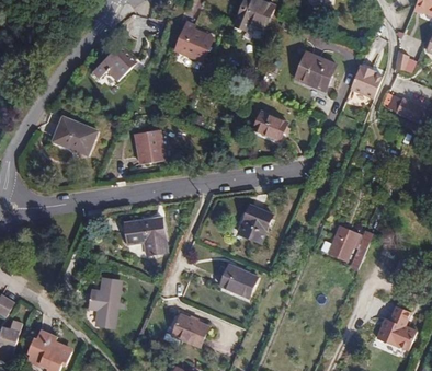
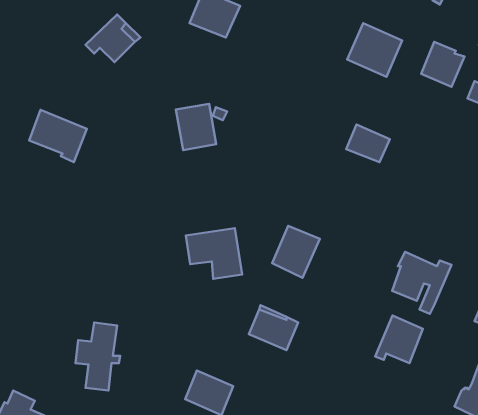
building: [253,111,286,139] -> [346,125,390,162]
building: [134,129,164,164] -> [176,104,216,150]
building: [124,217,167,255] -> [186,228,242,279]
building: none -> [375,316,423,363]

